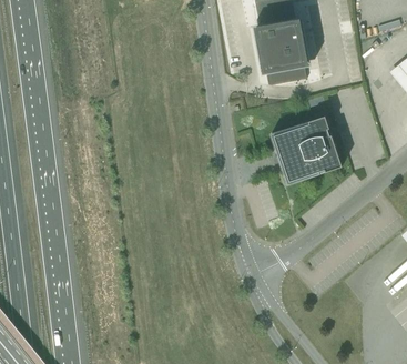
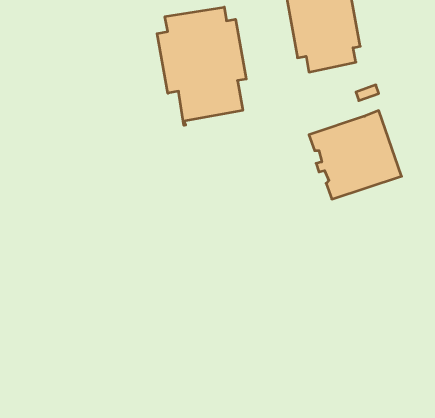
building: none -> [157,7,246,125]

